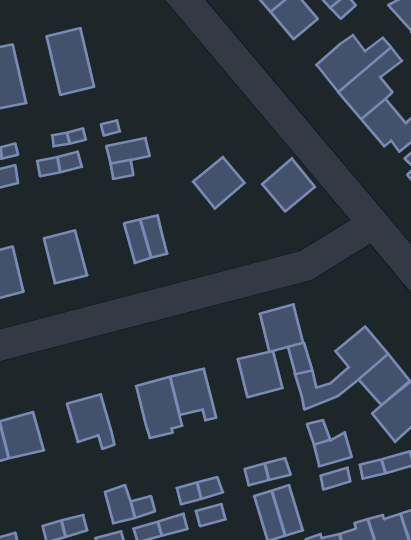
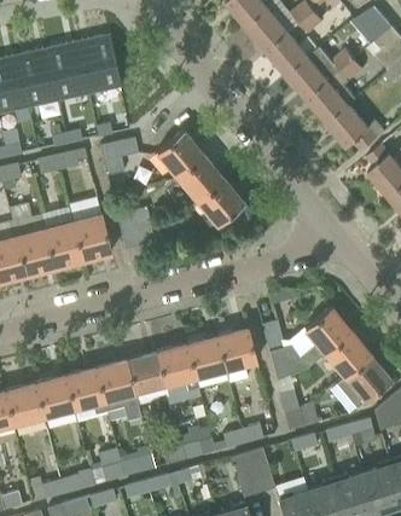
building: none -> [266,33,307,74]
building: none -> [76,35,120,94]
building: none -> [16,48,58,108]
building: none -> [156,131,203,178]
building: [262,158,315,211] -> [196,179,243,226]
building: none -> [71,214,110,261]
building: none -> [16,228,53,276]
building: [260,304,303,352] -> [186,336,225,378]
building: none -> [94,360,140,422]
building: none -> [34,376,74,417]

